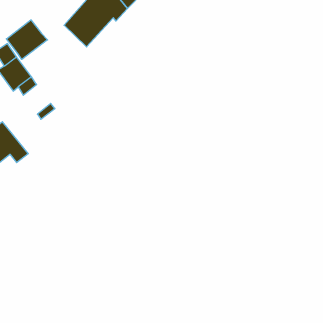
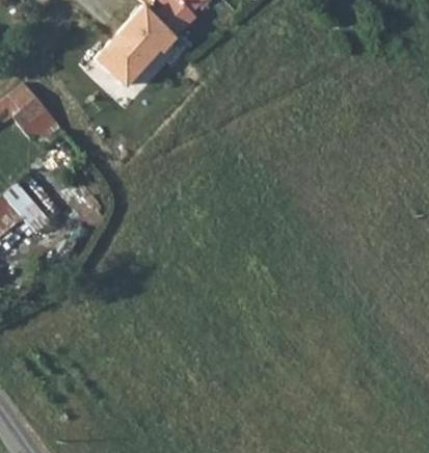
building: [6,20,48,59] -> none

